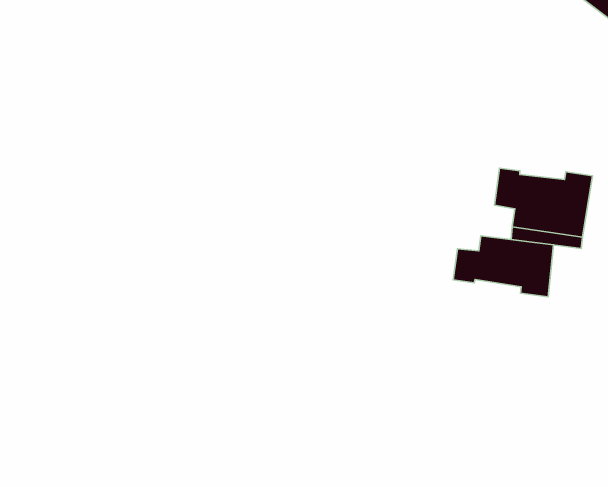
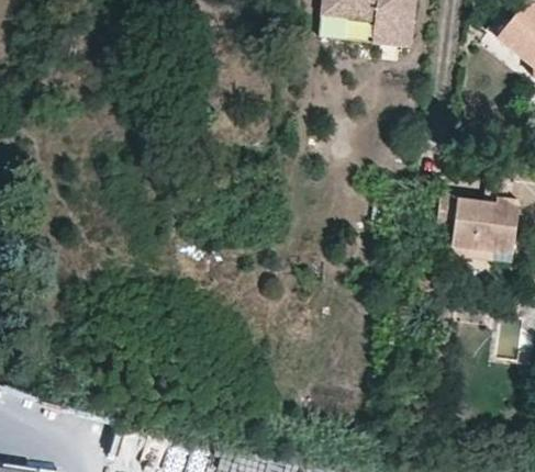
building: [453,236,553,297] -> none

